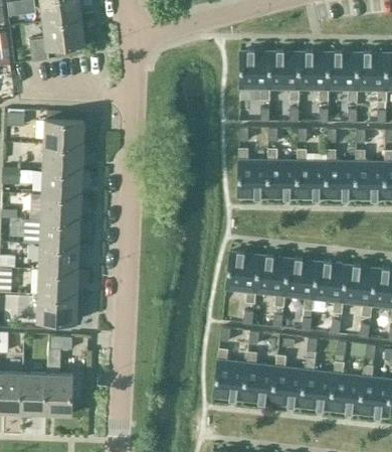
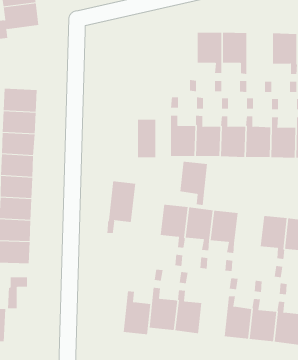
building: [240,53,270,102] -> none
building: [329,54,358,103] -> none
building: none -> [137,119,156,158]
building: none -> [107,180,136,234]
building: [315,264,348,315] -> [179,161,208,205]
building: [272,356,306,408] -> [123,291,151,335]
building: [46,375,73,415] -> none

